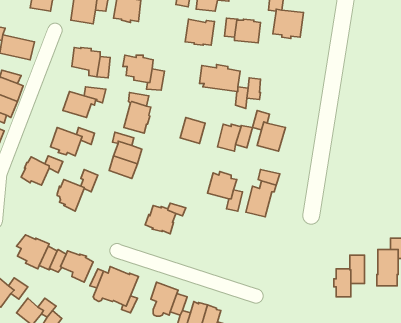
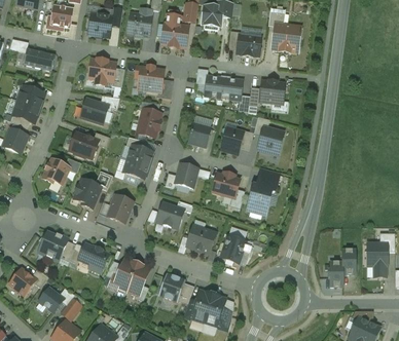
building: [185,19,215,45] -> [160,23,187,46]
building: none -> [259,80,284,101]
building: none -> [174,162,197,187]
building: none -> [107,193,133,222]
building: none -> [185,224,215,253]
building: none -> [220,235,244,262]

